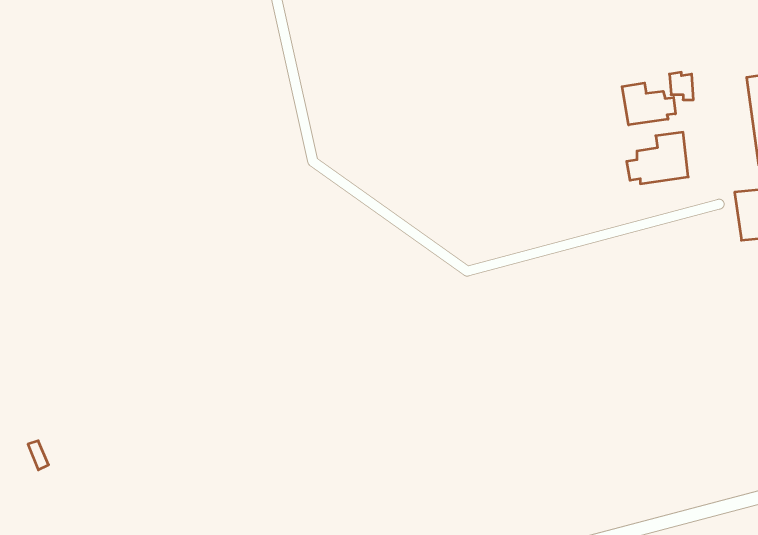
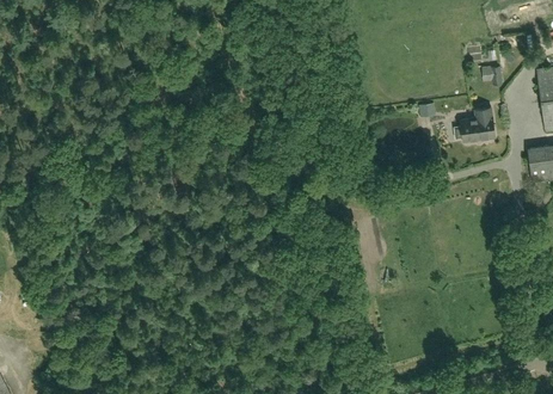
building: [622,83,675,125] -> none

